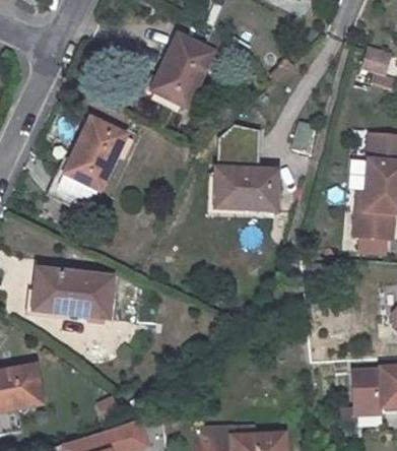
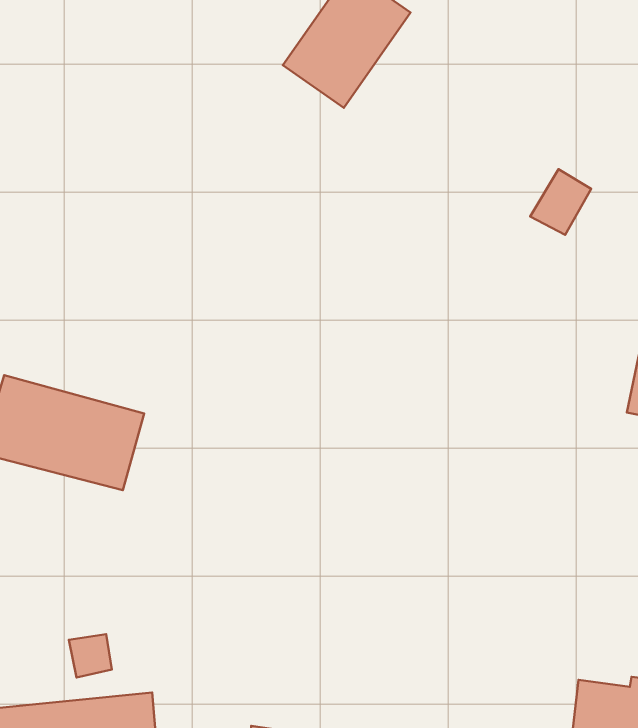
building: [63,118,125,189] -> none
building: [214,170,275,211] -> none

